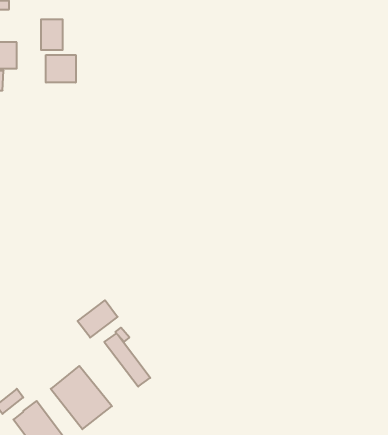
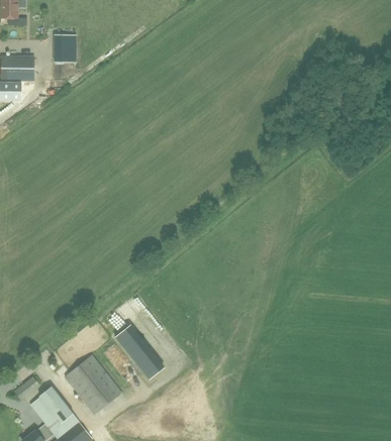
building: [46,55,76,83] -> none
building: [78,300,118,338] -> none

